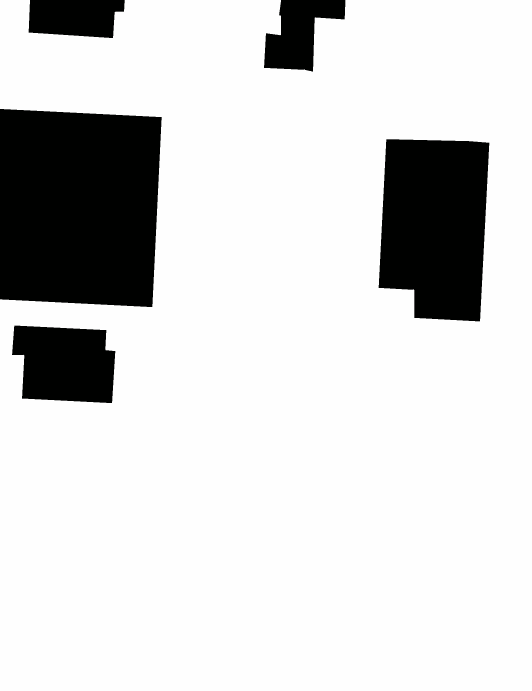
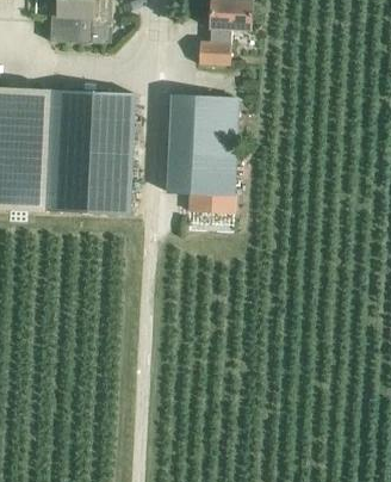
building: [378,139,490,322] -> [166,95,237,212]
building: [11,325,116,404] -> none

